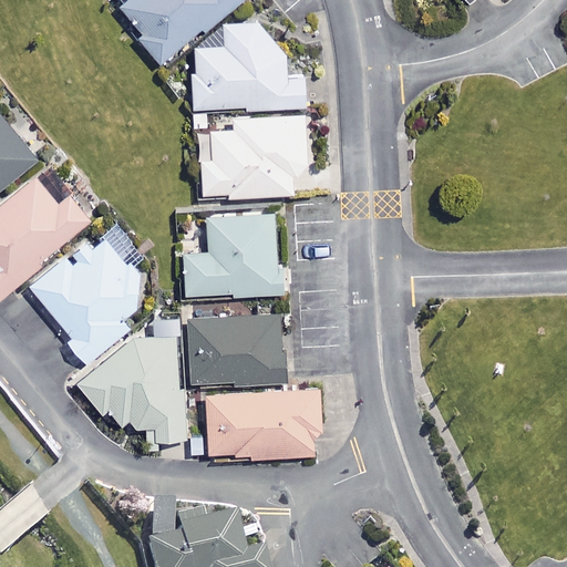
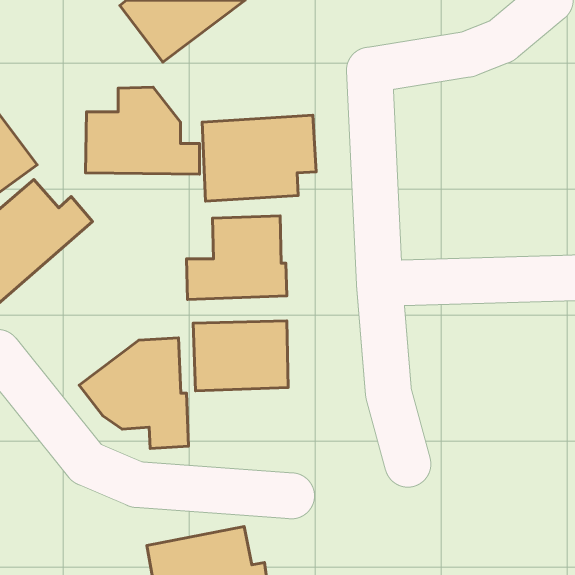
building: [192,23,303,109] -> [85,87,200,174]
building: [31,236,143,359] -> none
building: [202,392,320,457] -> none

